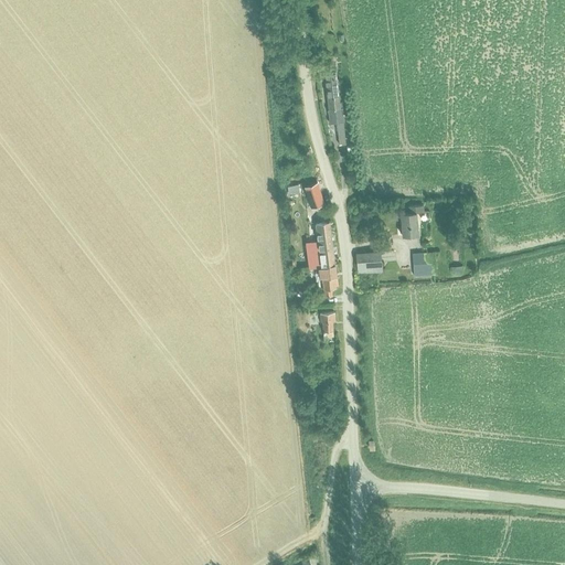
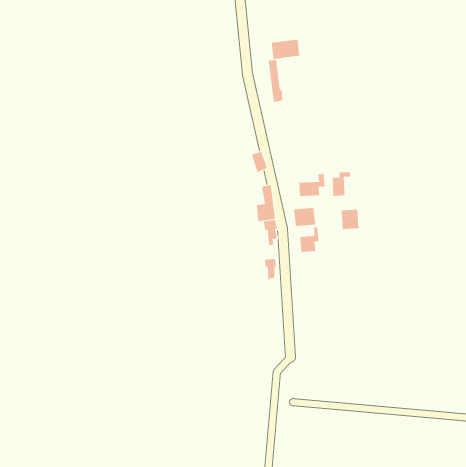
building: none -> [271,39,300,60]
building: none -> [299,173,325,197]
building: none -> [300,226,319,253]

